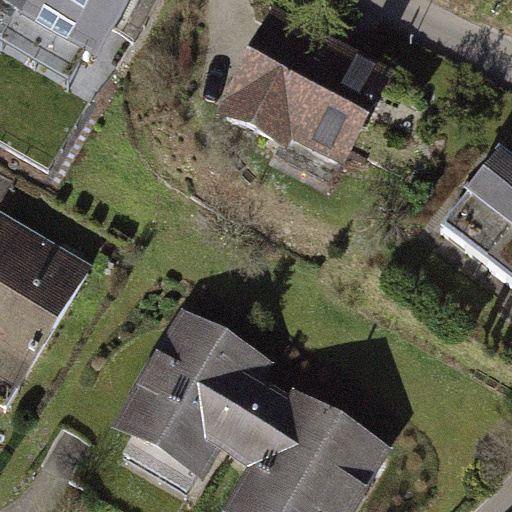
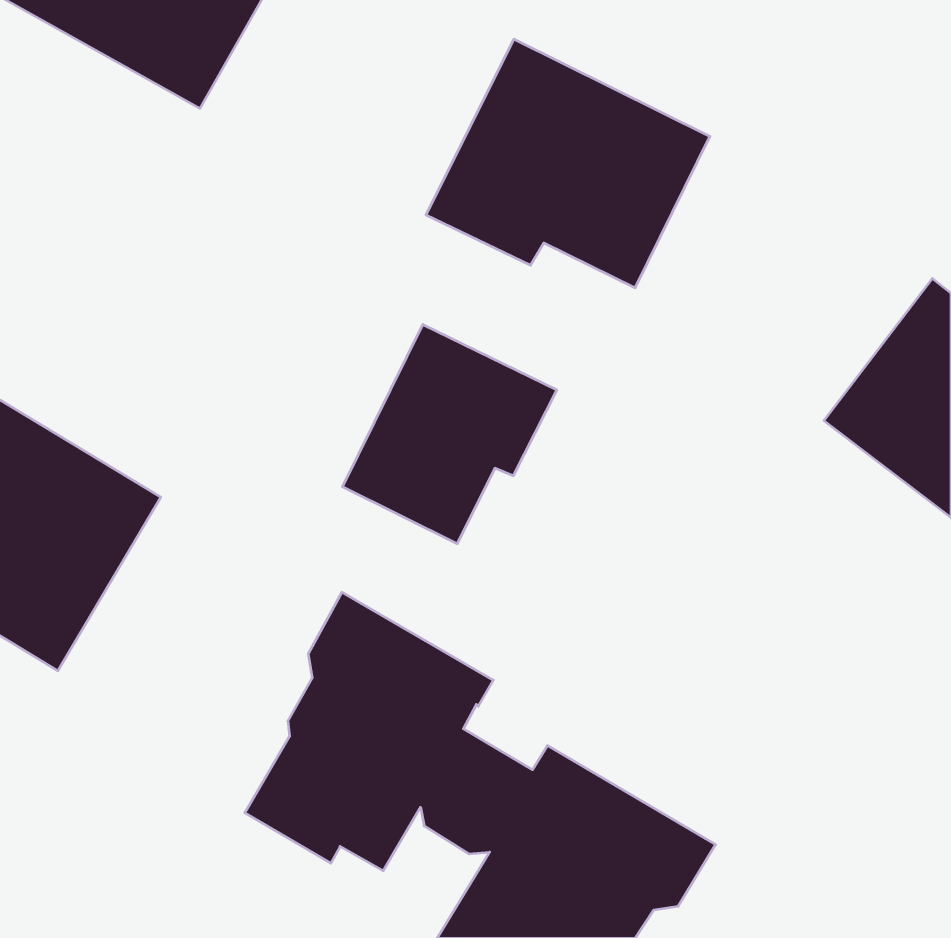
building: none -> [342,324,557,544]

